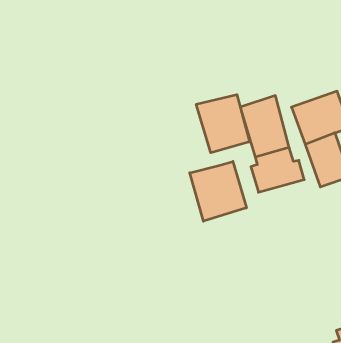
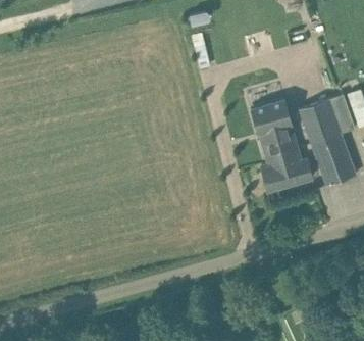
building: [196,95,249,153] -> none
building: [190,161,246,221] -> none

